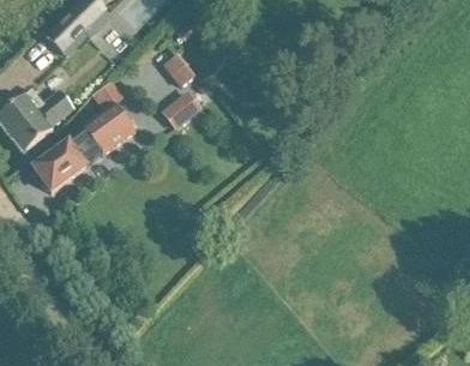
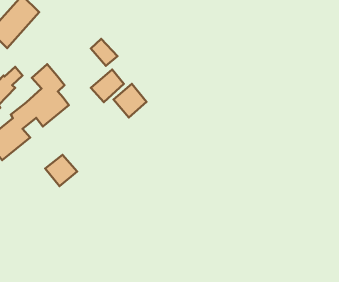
building: none -> [113,84,146,118]
building: none -> [45,155,77,186]

